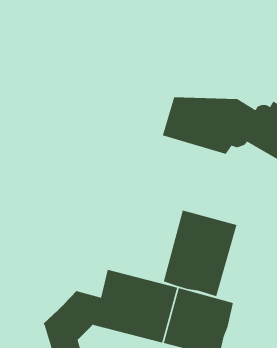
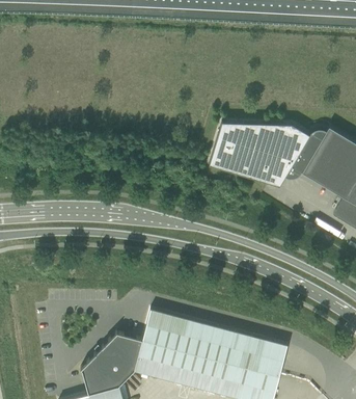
building: [163,209,237,297] -> none

